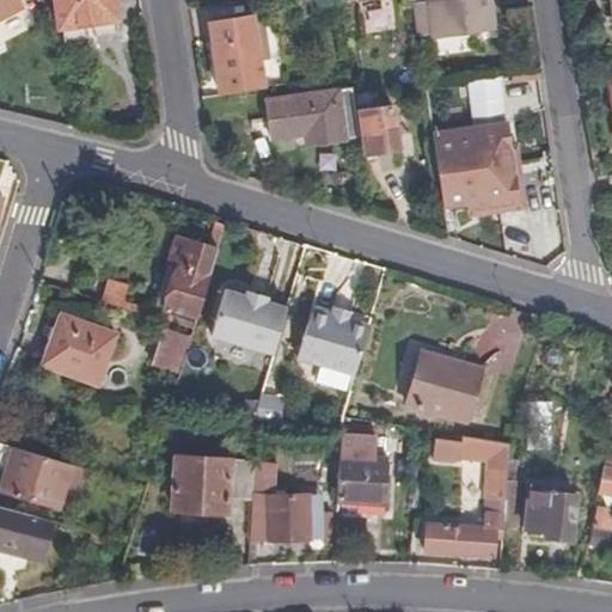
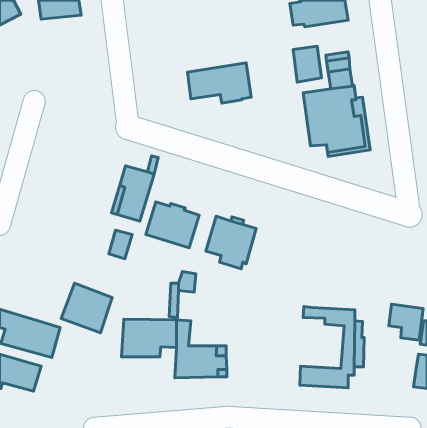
building: [208,18,263,98] -> none
building: [359,108,399,159] -> [293,46,322,82]
building: [44,312,117,382] -> [61,283,112,333]
building: [400,353,477,423] -> none
building: [336,432,388,502] -> none
building: [531,488,580,539] -> [389,304,423,340]

